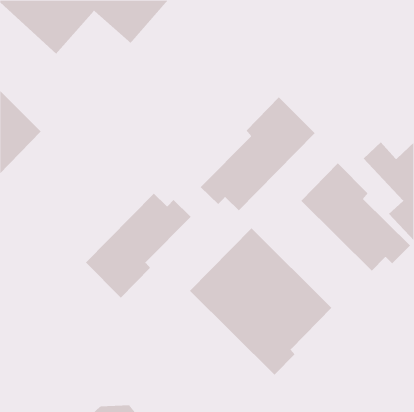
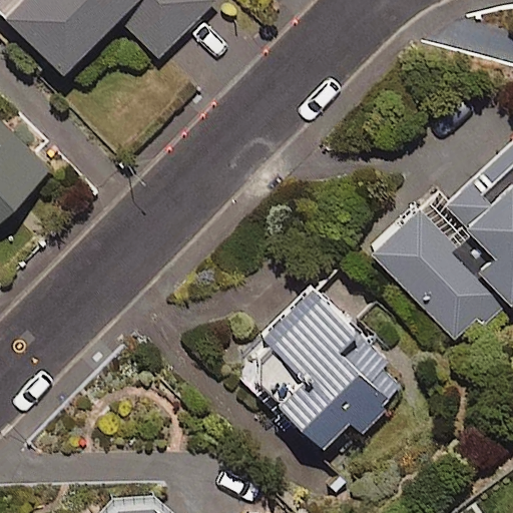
building: [200,97,315,211] -> none
building: [85,193,192,298] -> none

